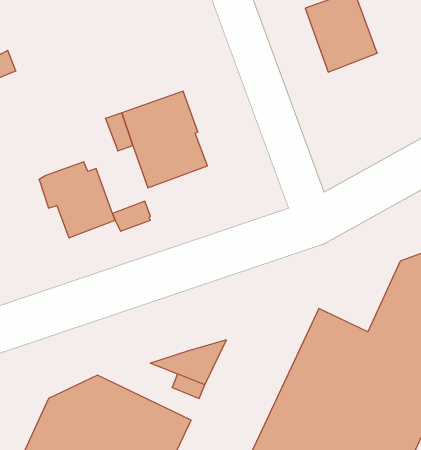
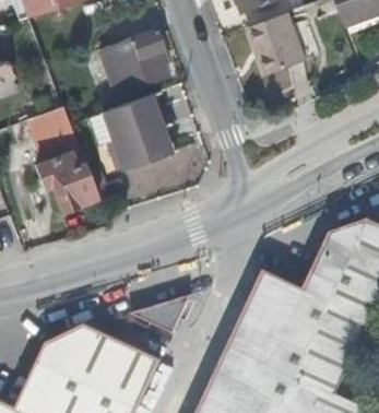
building: none -> [99,28,167,96]
building: none -> [27,108,82,162]

